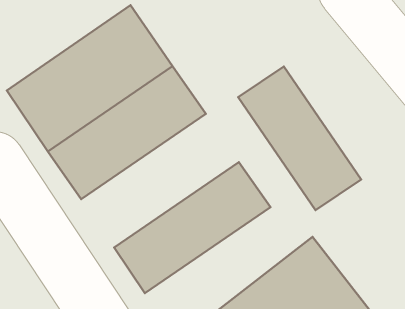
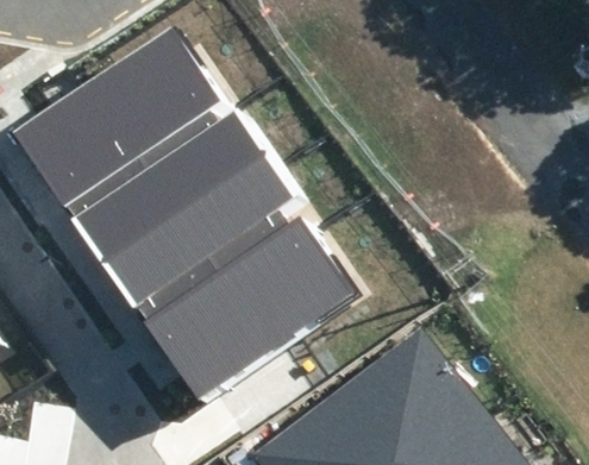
building: [238,66,361,210] -> none
building: none -> [111,166,320,344]

